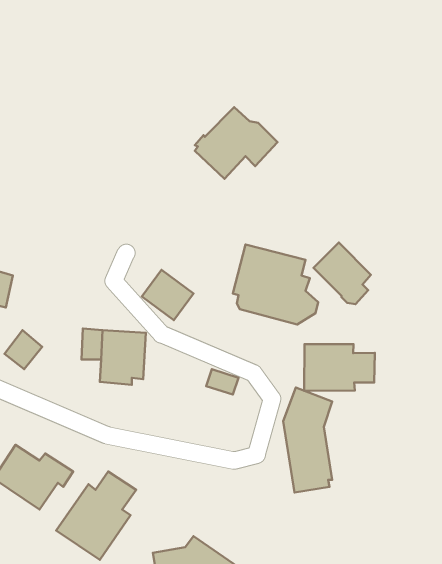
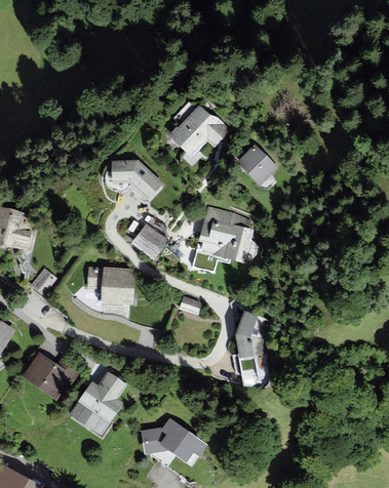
building: none -> [111,160,163,200]
building: [314,243,371,304] -> [235,144,277,189]
building: [304,344,375,391] -> none

